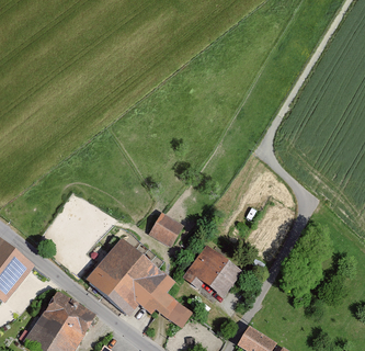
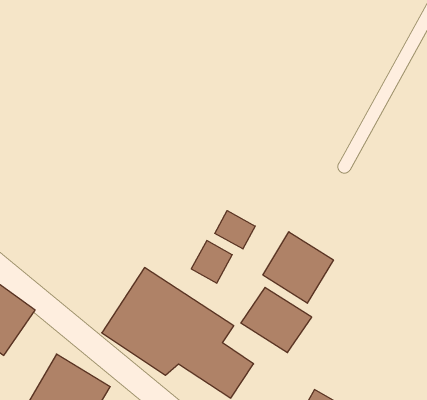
building: none -> [215,211,255,249]
building: none -> [263,232,333,303]

